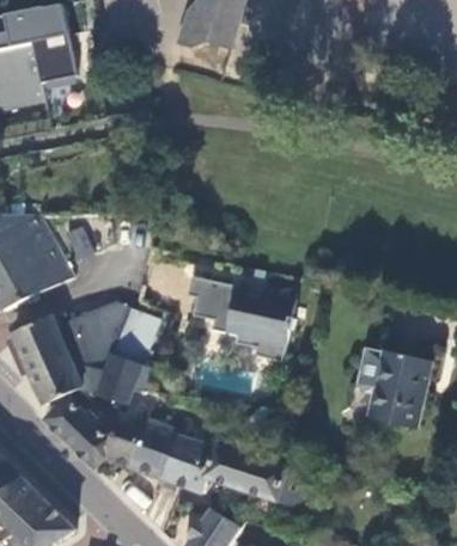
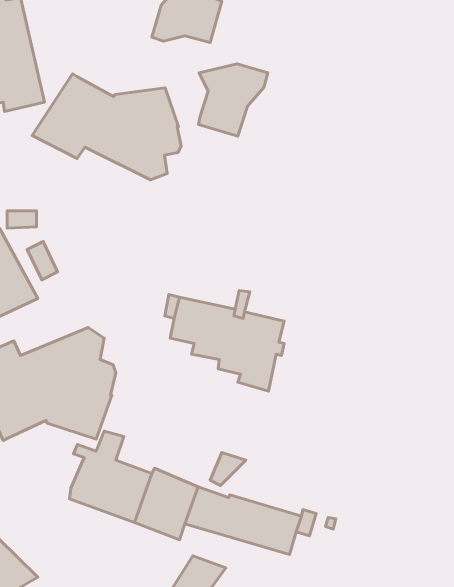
building: none -> [198,64,268,136]
building: none -> [32,74,181,180]
building: [357,348,432,428] -> none
building: [44,387,115,467] -> none

